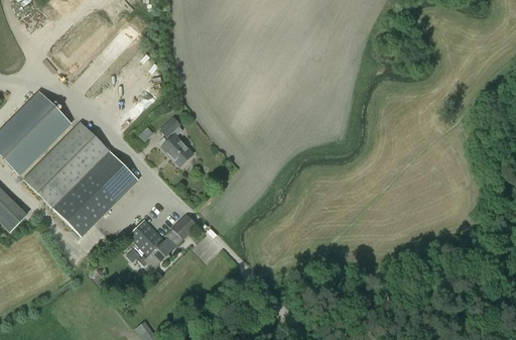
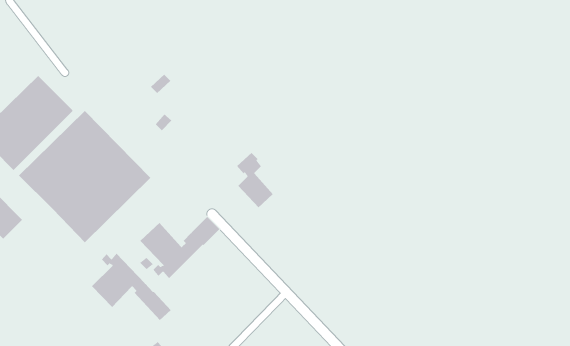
building: [159,117,191,165] -> [236,152,274,208]
building: none -> [91,253,172,321]

